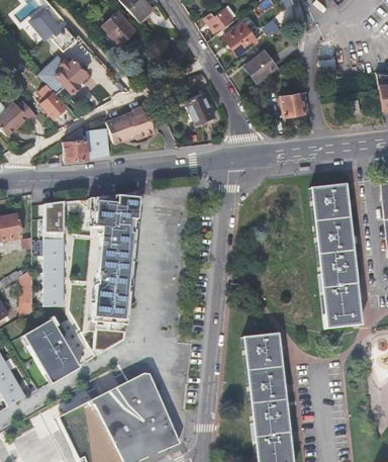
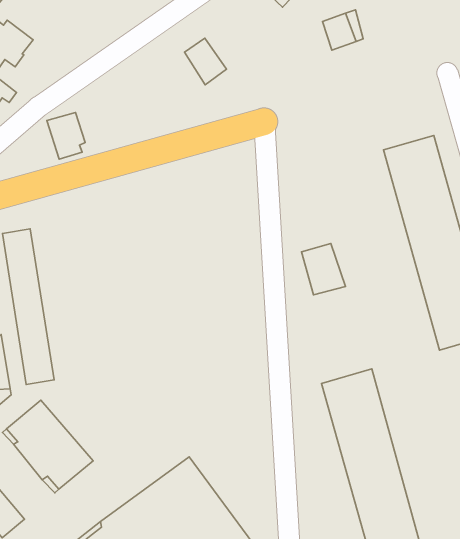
building: [108,107,157,142] -> none
building: [64,126,88,160] -> none
building: [87,192,137,350] -> none
building: none -> [301,243,345,295]

